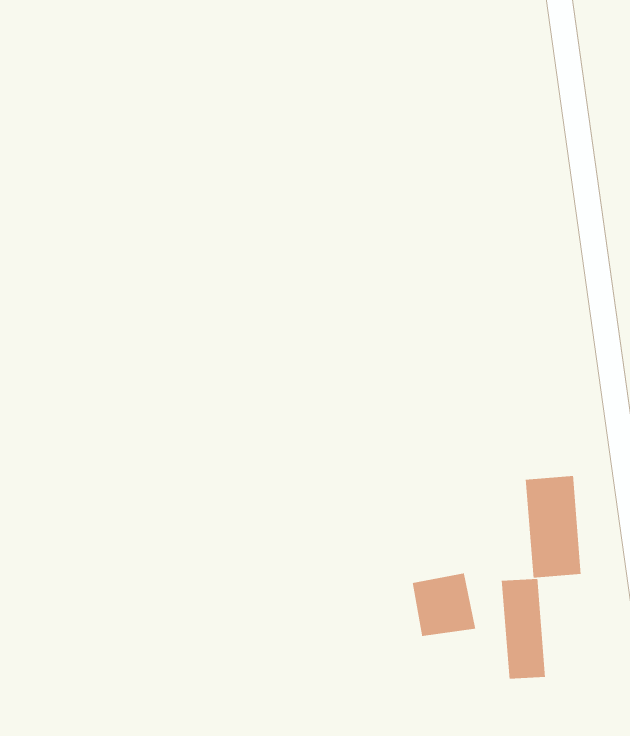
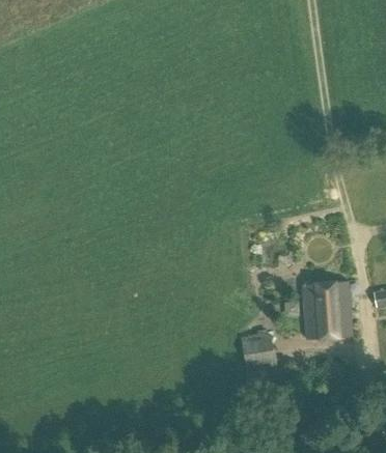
building: [501,578,546,680] -> [328,282,352,336]

